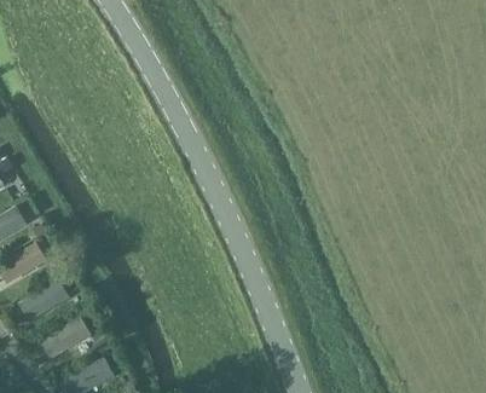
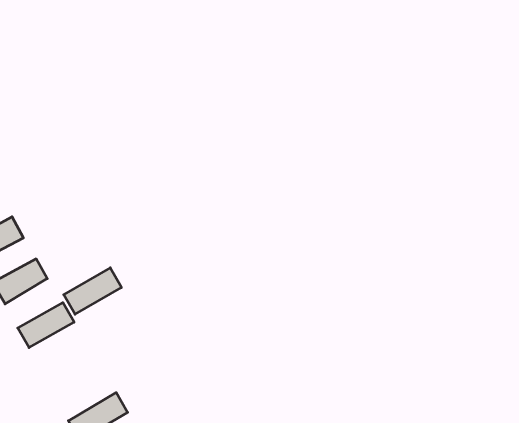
building: [37,318,87,358] -> [64,268,121,314]

